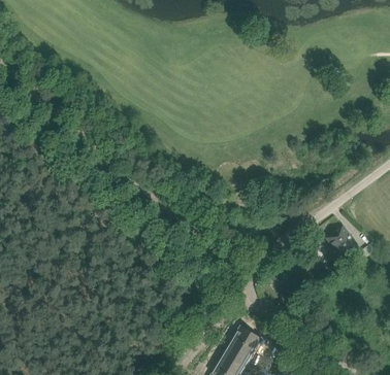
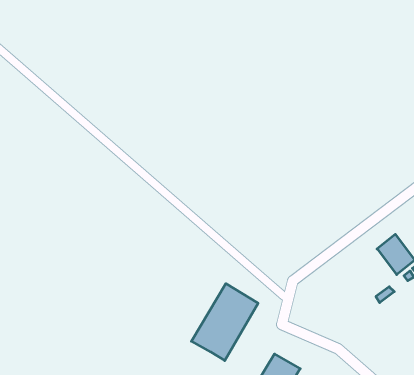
building: none -> [191,284,258,361]

